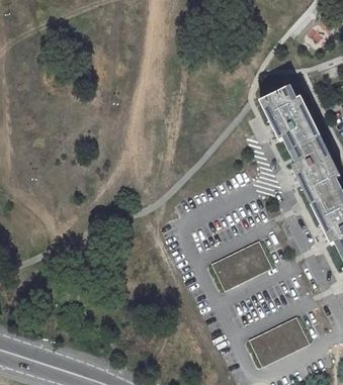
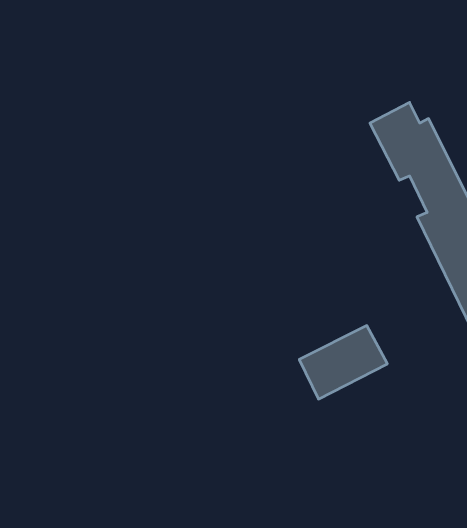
building: [250,316,311,367] -> none

